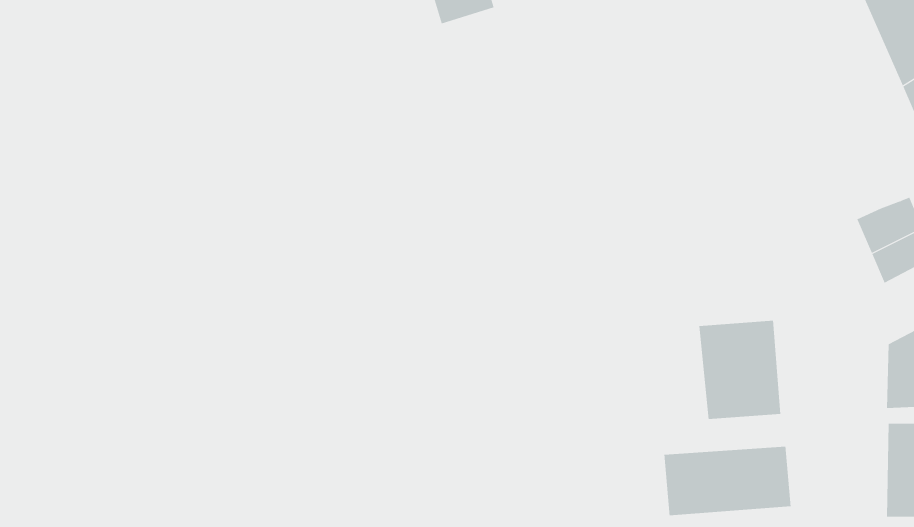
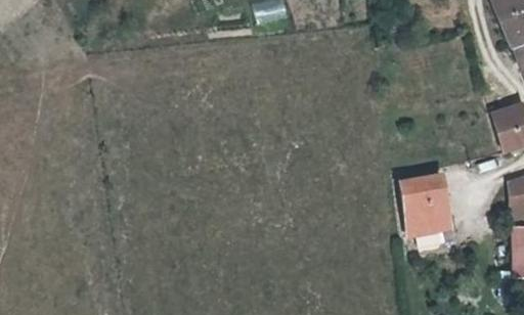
building: [664,446,791,516] -> none

